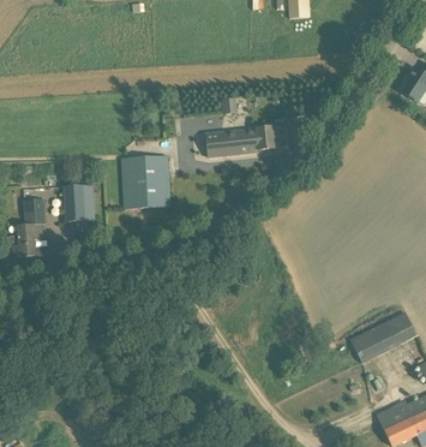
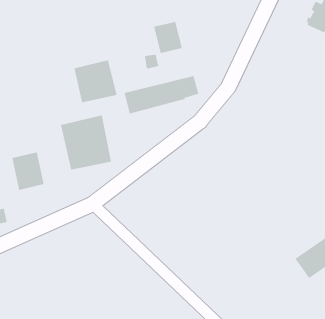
building: none -> [154,21,182,54]
building: none -> [74,59,117,103]

